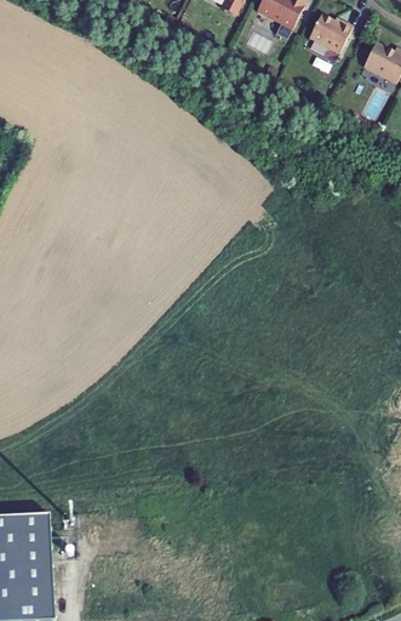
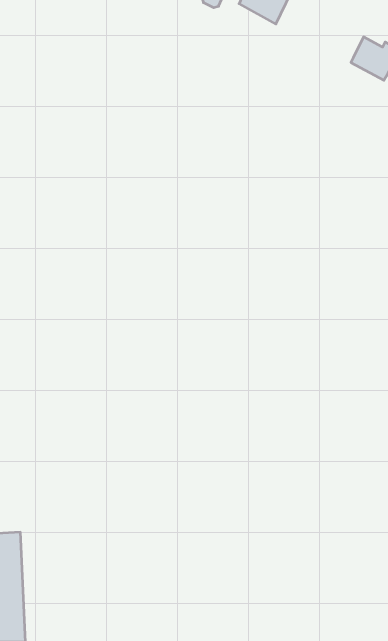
building: [310,13,354,52] -> none

